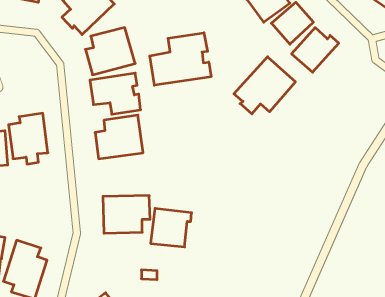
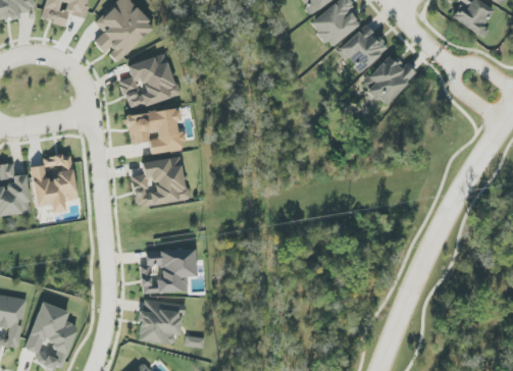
building: [150,33,211,85] -> none
building: [234,57,295,114] -> none
building: [151,208,192,247] -> [137,299,185,343]

